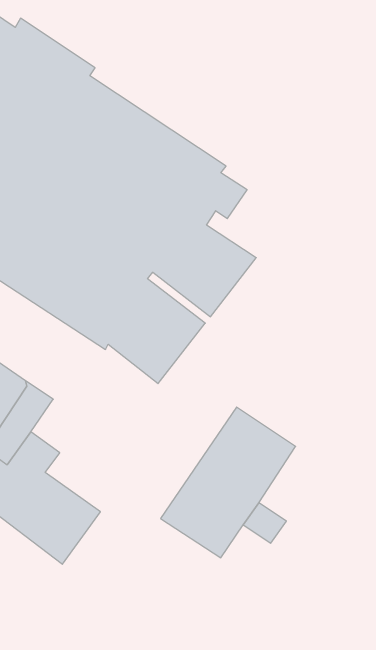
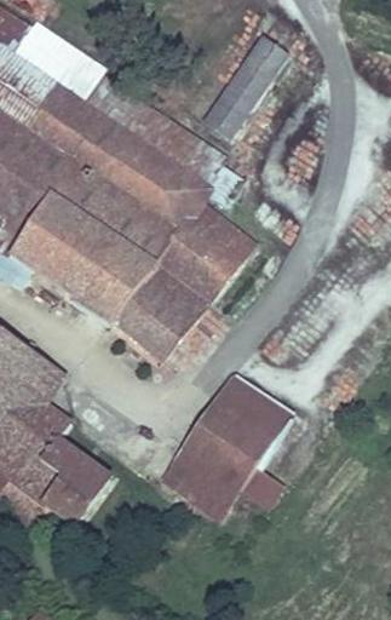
building: none -> [203,36,286,136]

